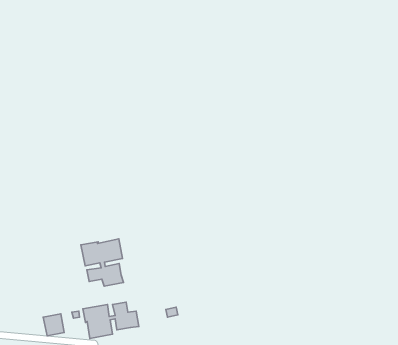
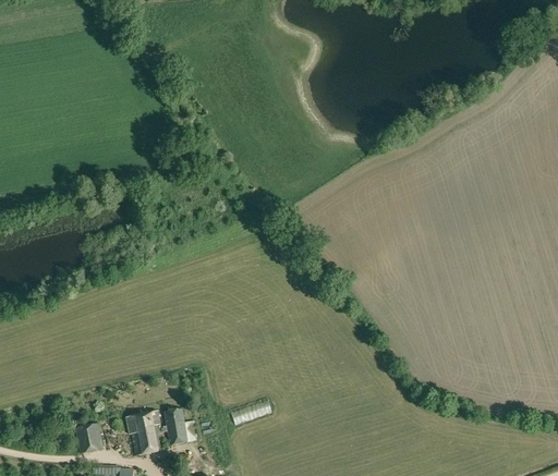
building: [81,239,123,286] -> none

